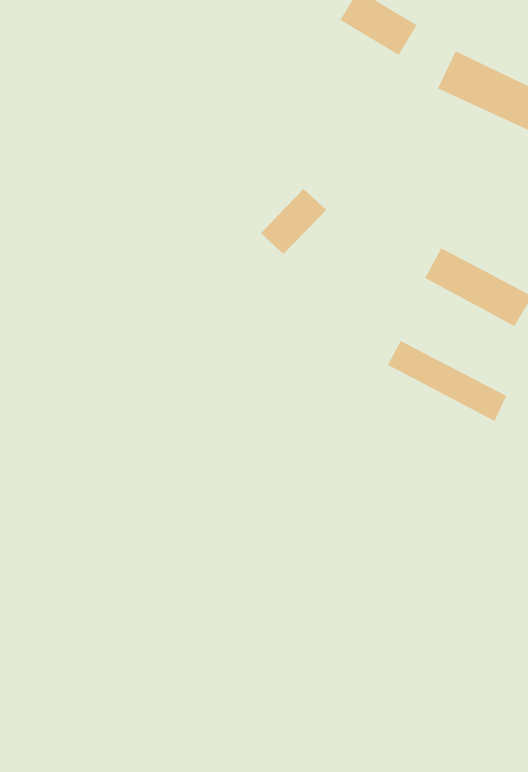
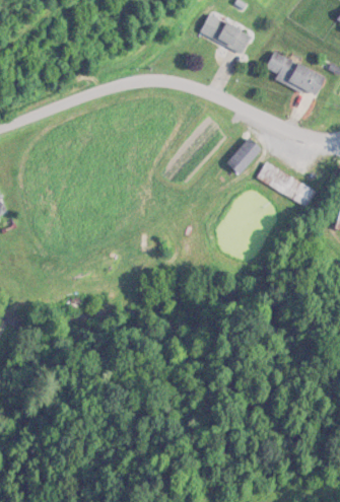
building: [260,188,327,255] -> [224,137,262,174]
building: [387,340,507,422] -> none

